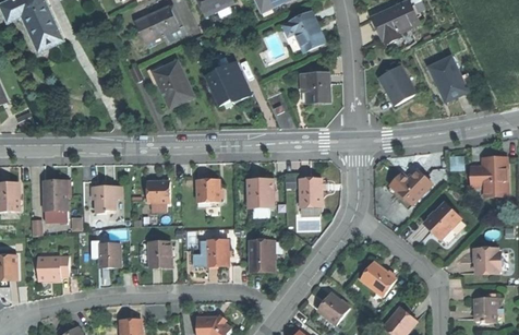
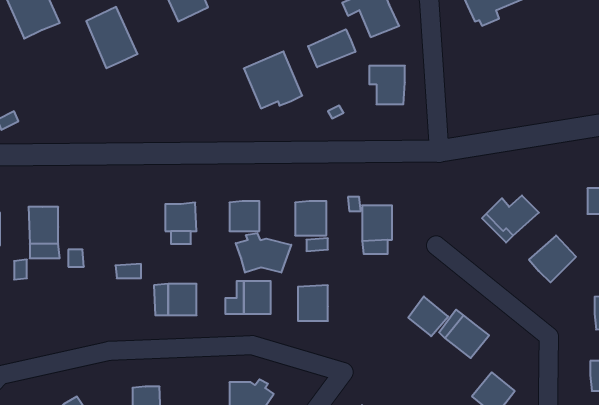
building: none -> [308,29,355,67]
building: [430,56,467,100] -> none
building: [155,60,194,107] -> [86,7,138,68]
building: [381,65,417,105] -> none
building: [93,186,116,213] -> none
building: none -> [236,233,291,273]
building: [98,244,119,265] -> none
building: [37,253,69,278] -> none
building: [318,290,349,321] -> [408,296,448,336]

